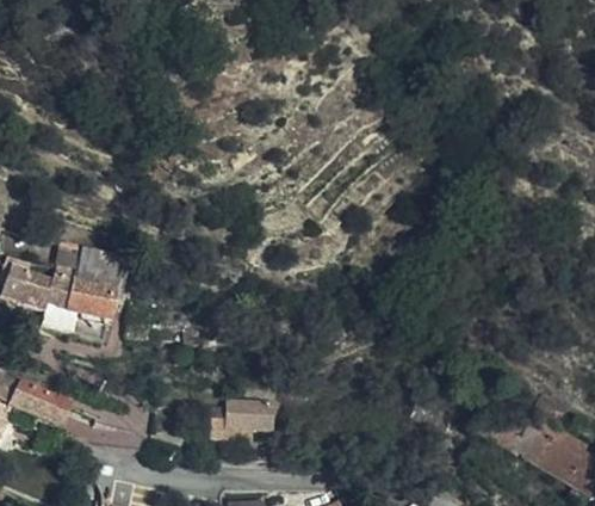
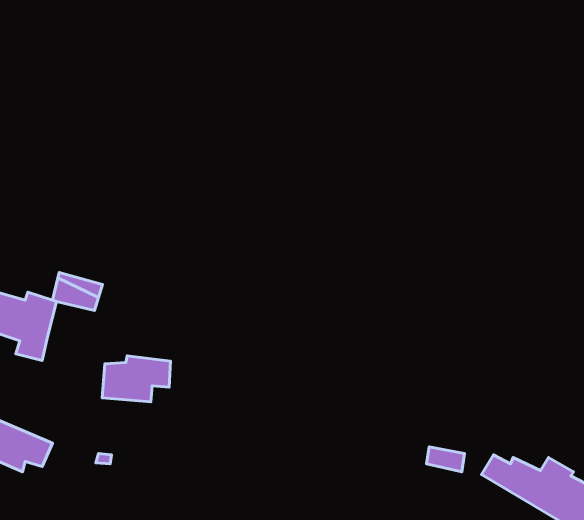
building: [76,276,119,317] -> none
building: [212,397,274,439] -> [102,356,170,402]

